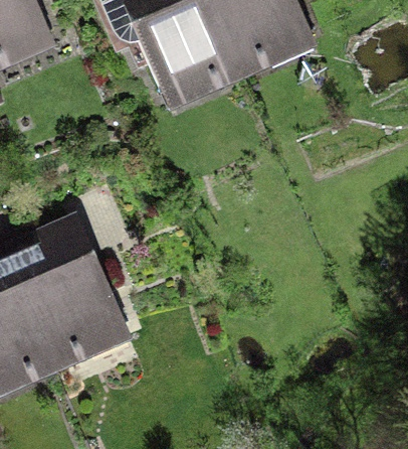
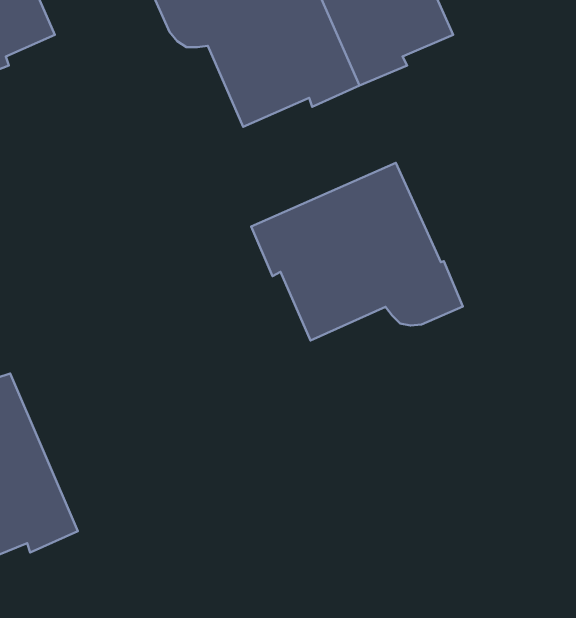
building: none -> [251,163,463,340]
building: [19,235,124,365] -> none

